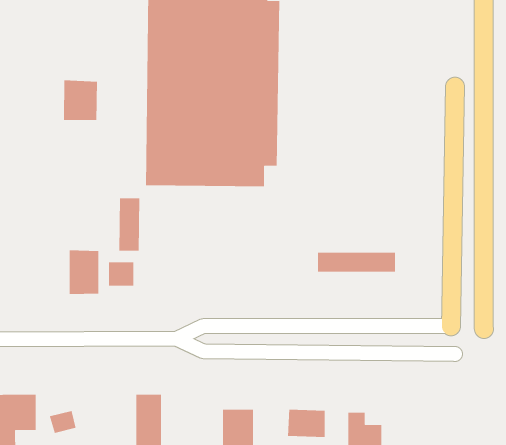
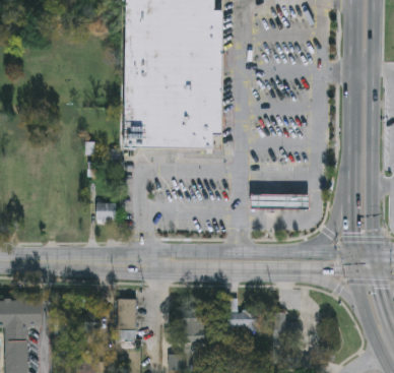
building: [63,80,98,121] -> none
building: [118,197,140,251] -> none
building: [69,249,99,295] -> none

